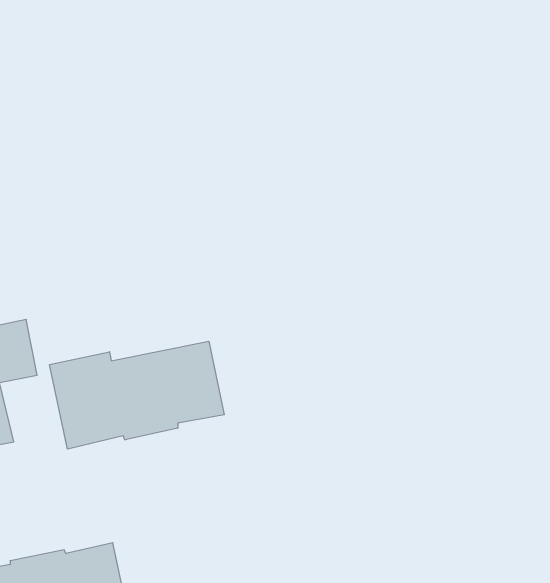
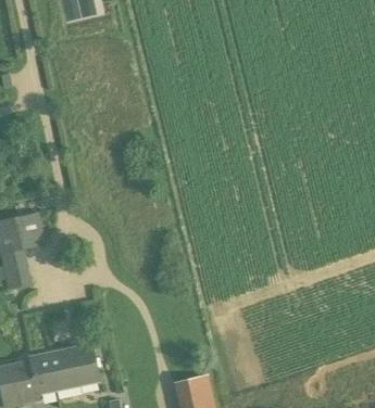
building: [50,341,224,449] -> none

